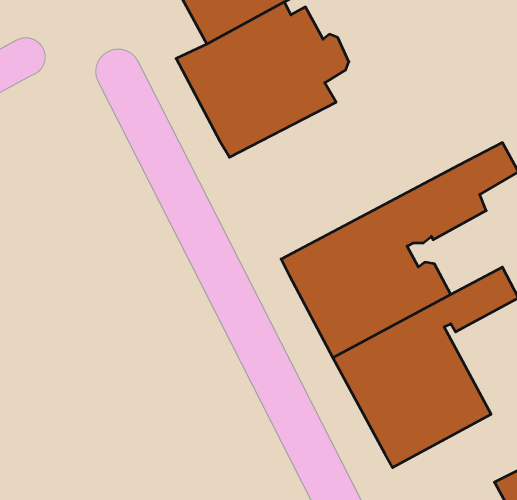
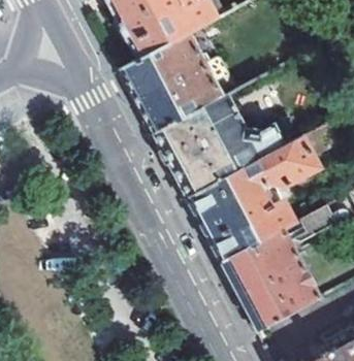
building: none -> [155,94,301,197]

